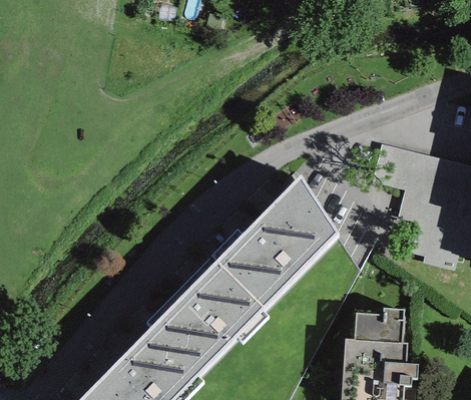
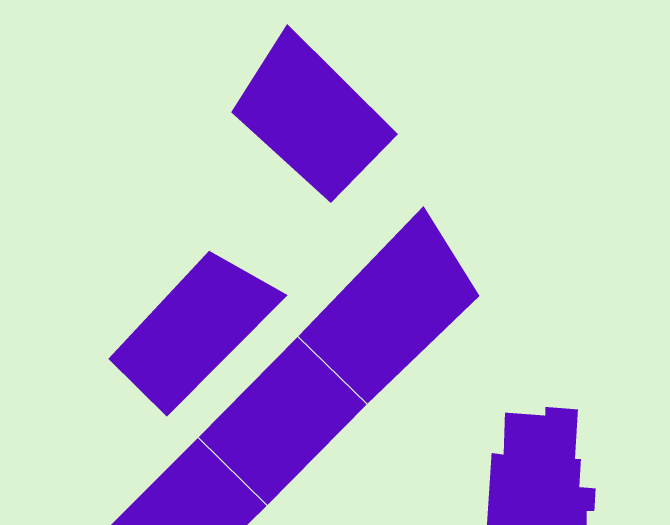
building: none -> [230,23,399,204]
building: none -> [107,250,289,417]

